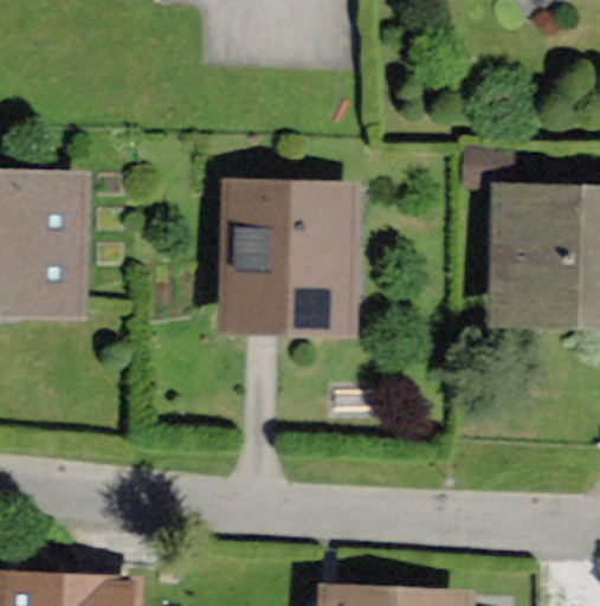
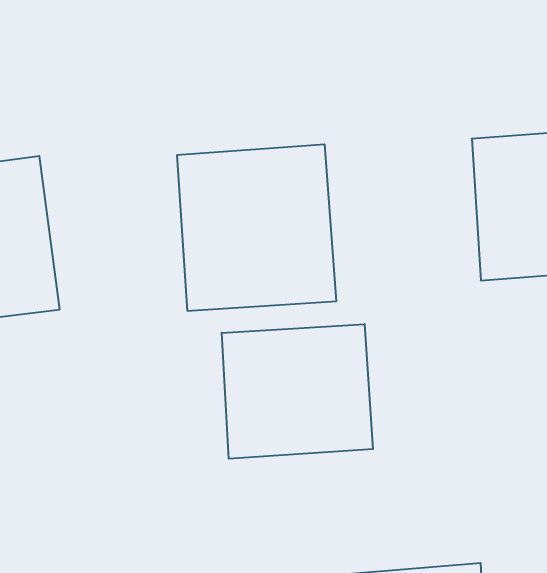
building: none -> [222,324,373,459]

